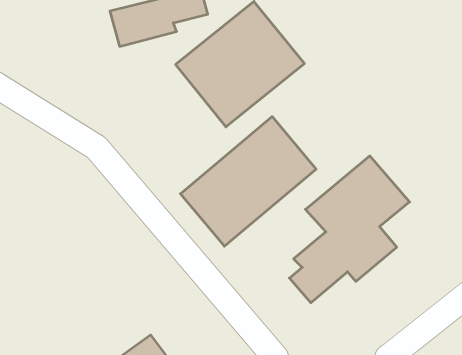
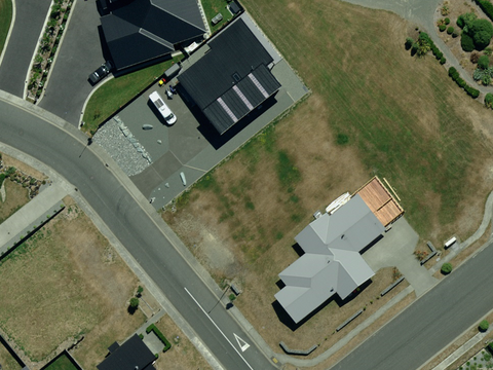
building: [180,117,316,246] -> none

